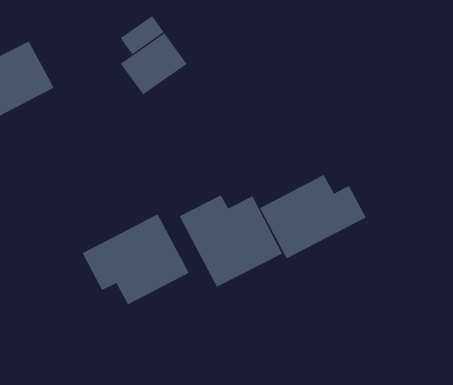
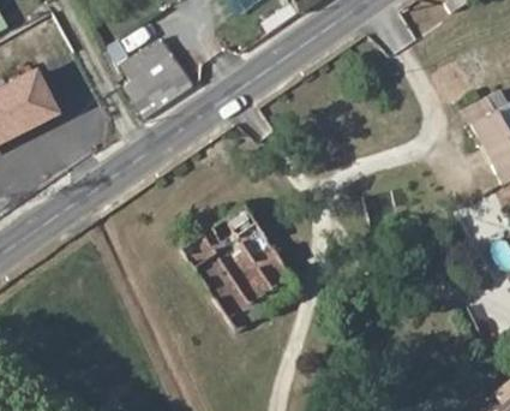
building: [259,174,366,259] -> none
building: [82,213,190,305] -> none

